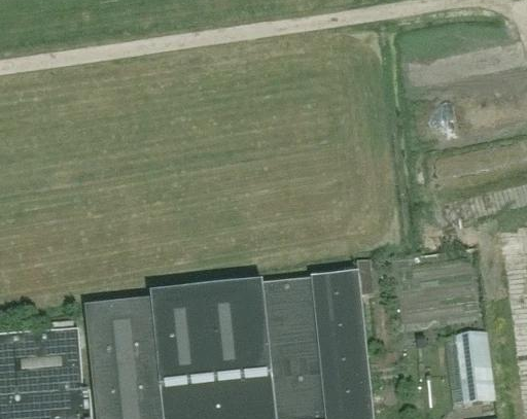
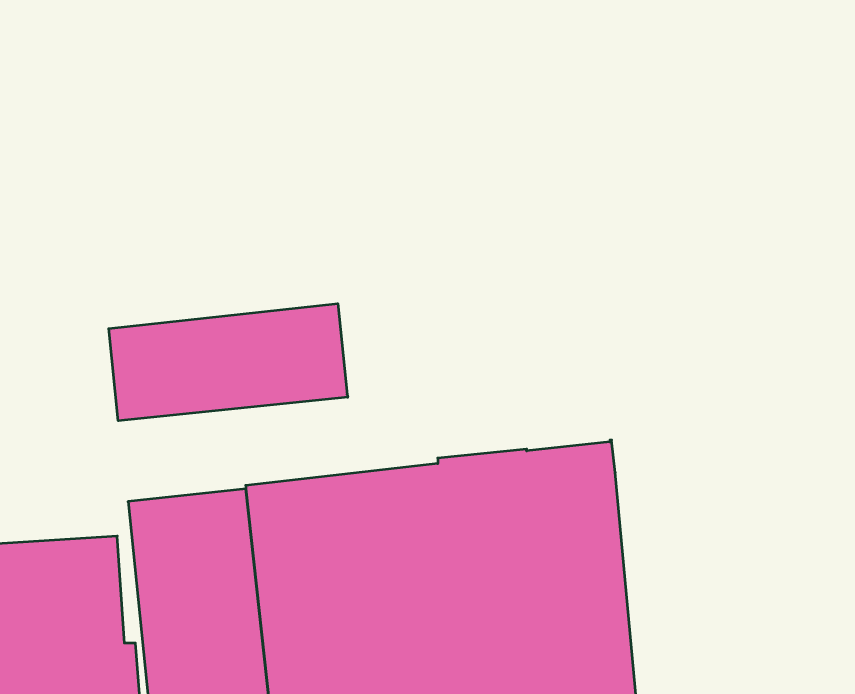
building: none -> [109,304,348,421]
building: [455,328,488,397] -> none

